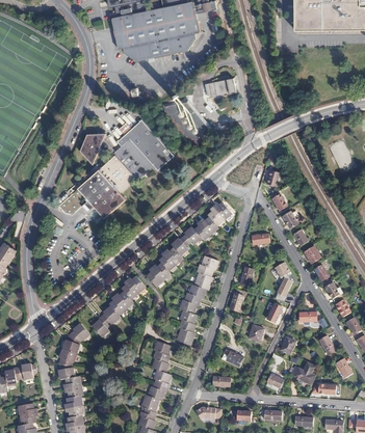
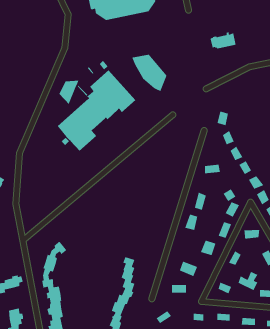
building: [205,77,237,99] -> [209,31,236,49]
building: [146,205,231,289] -> none
building: [176,258,217,347] -> none
building: [94,277,145,340] -> none

